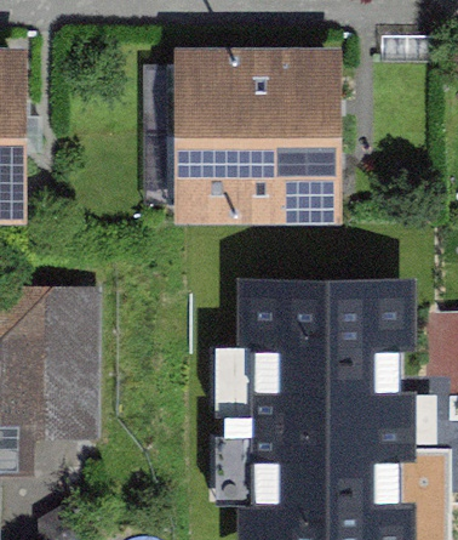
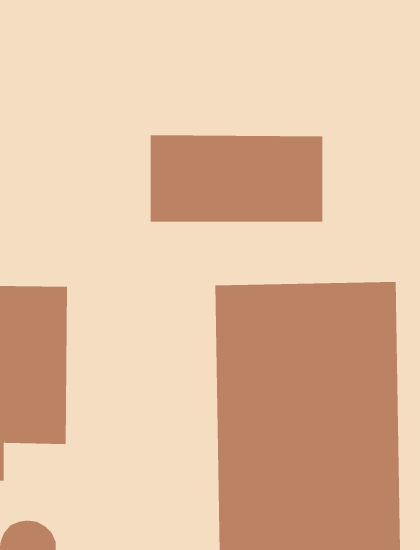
building: [176,51,342,138] -> none

